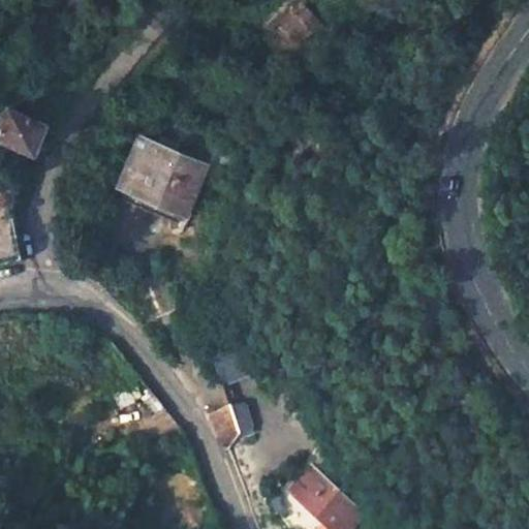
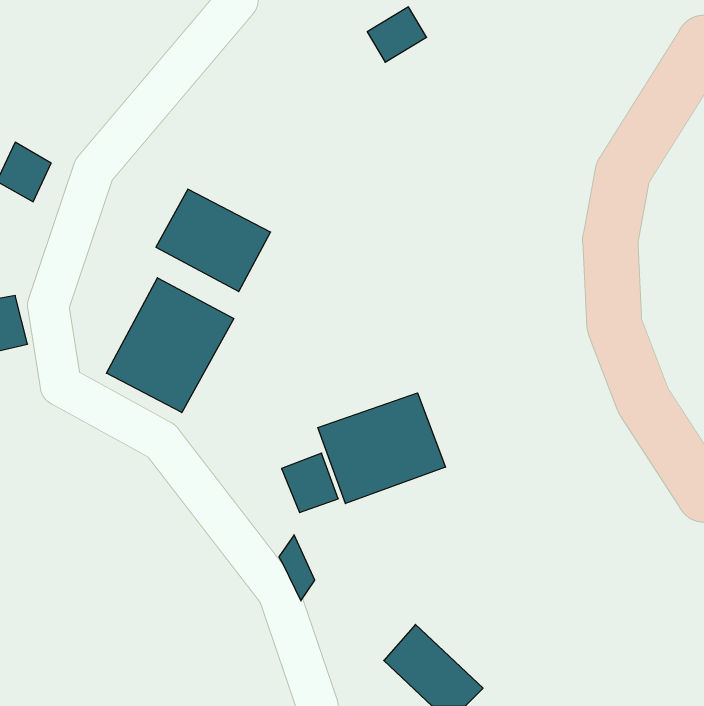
building: none -> [106,278,234,413]
building: none -> [318,393,445,504]

